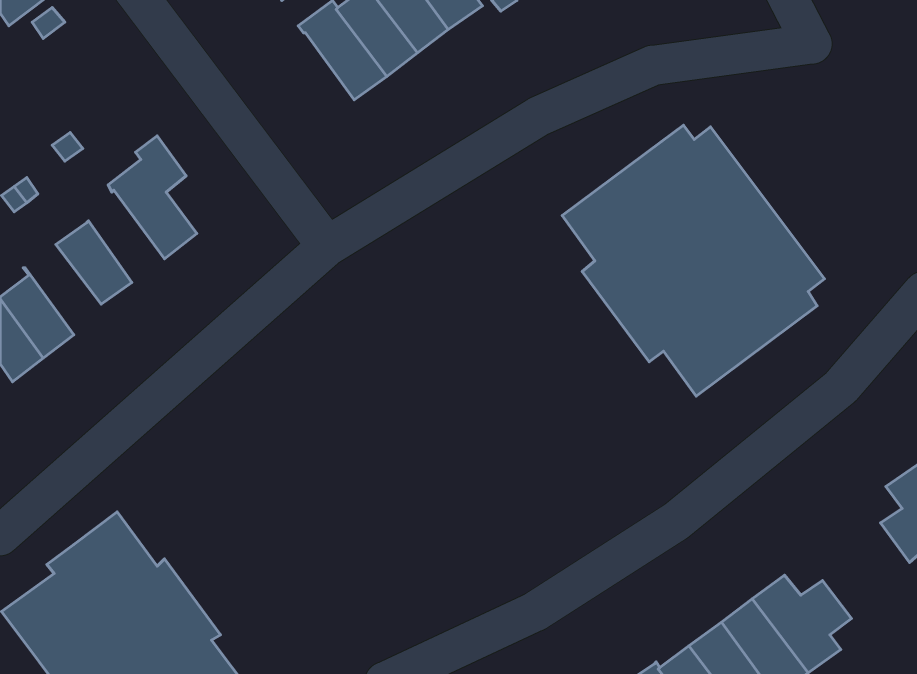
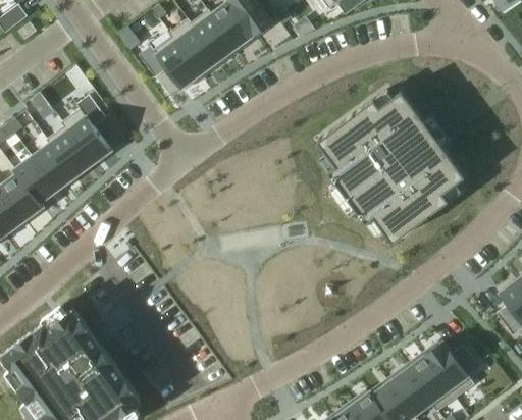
building: none -> [139,37,200,88]
building: none -> [46,125,93,177]
building: none -> [14,156,57,207]

